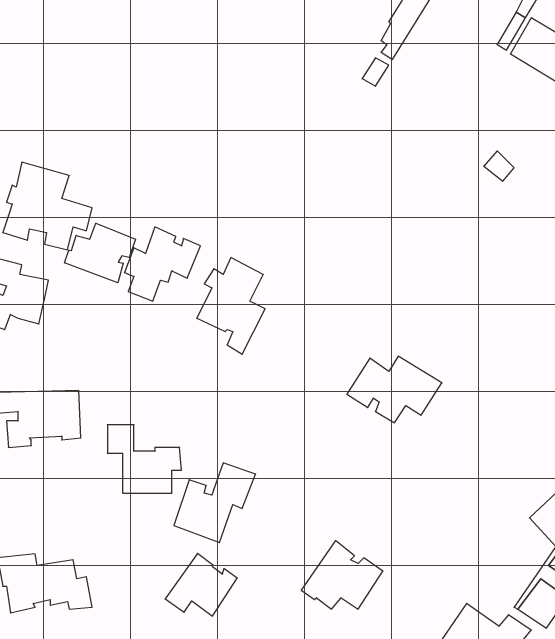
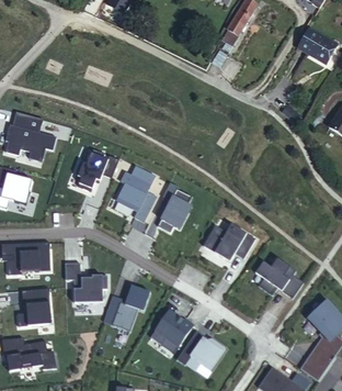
building: [65,223,136,283] -> none
building: none -> [157,183,191,232]
building: none -> [255,257,304,298]
building: none -> [18,288,52,326]
building: [165,553,237,616] -> [150,310,192,346]

